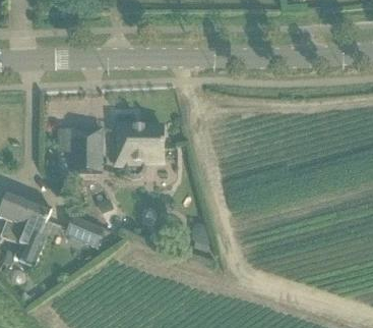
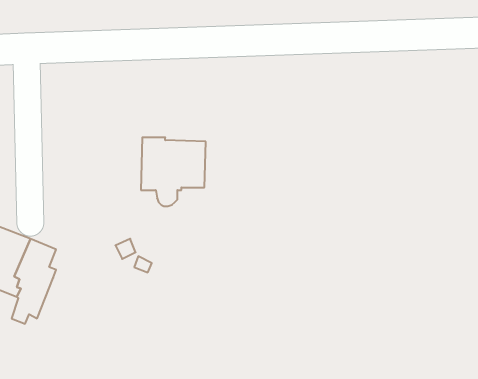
building: [71,127,101,171] -> none
building: [64,215,104,249] -> none

